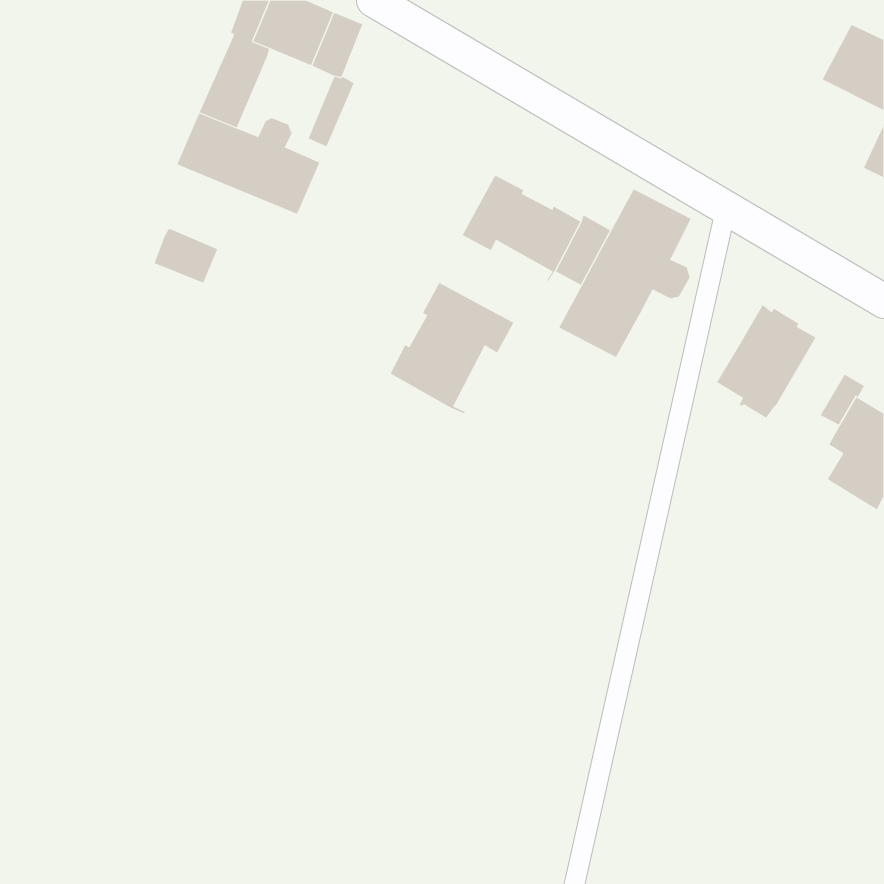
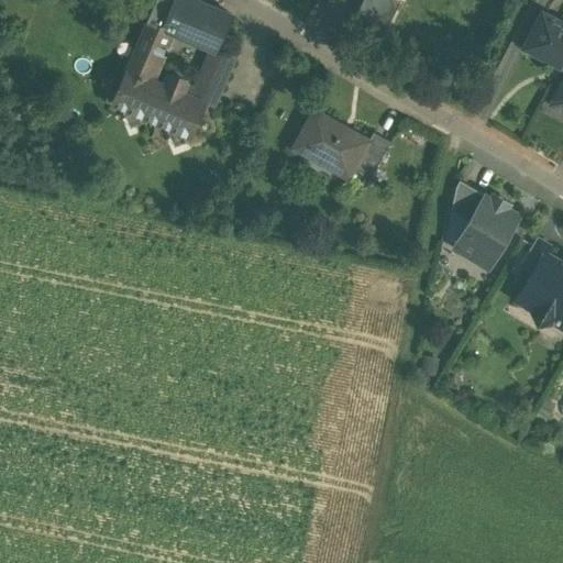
building: none -> [181,53,238,108]
building: [558,189,691,358] -> none
building: [154,229,218,283] -> none
building: [390,282,514,414] -> none
building: none -> [451,180,484,221]

